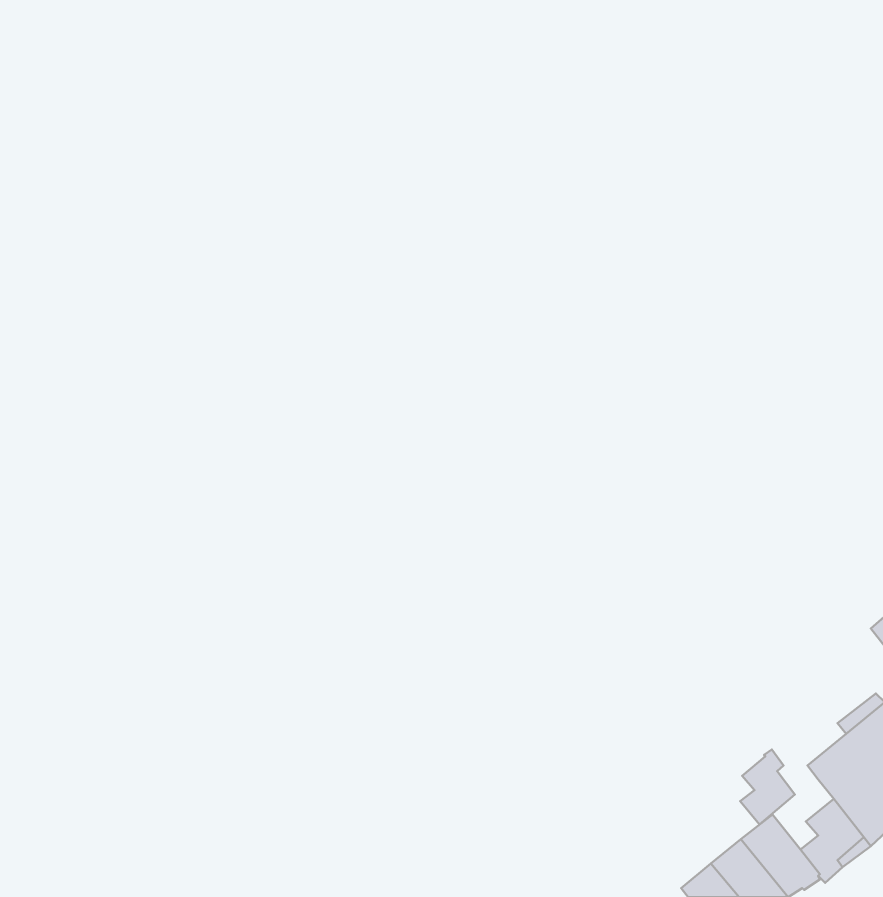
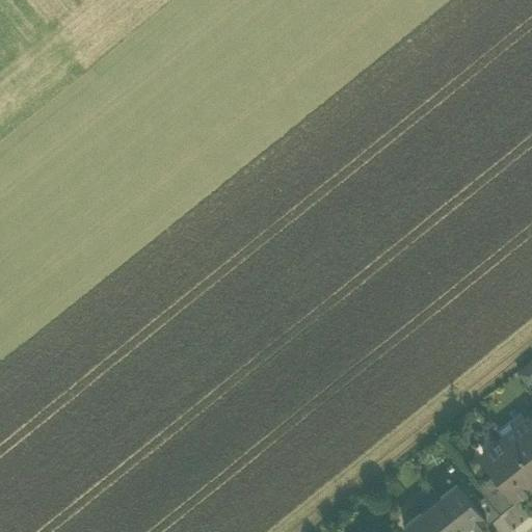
building: [740,750,795,825] -> none

